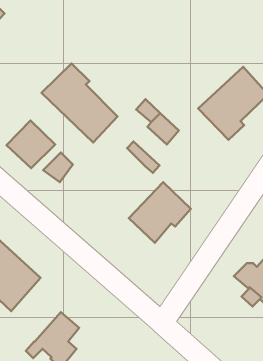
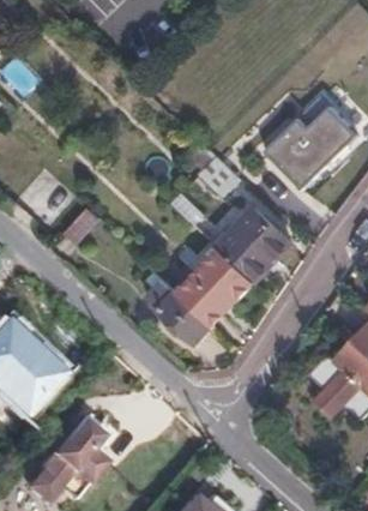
building: [41,64,118,143] -> none
building: none -> [219,208,290,281]
building: none -> [143,272,211,345]

